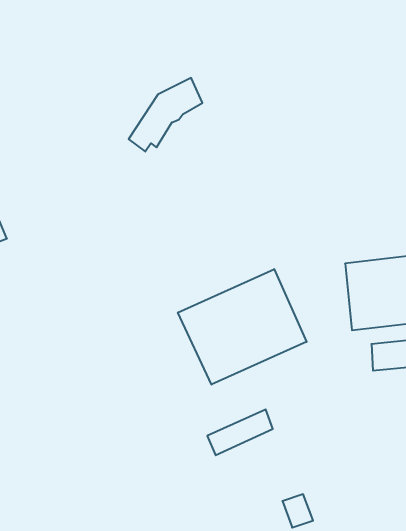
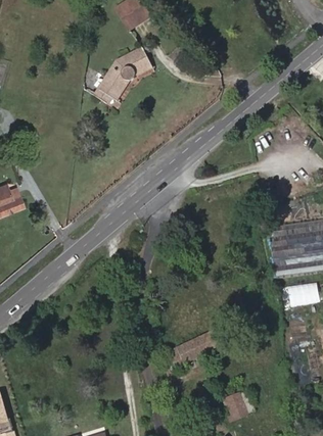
building: [129,78,202,152] -> [95,48,149,102]
building: [178,269,307,385] -> none

